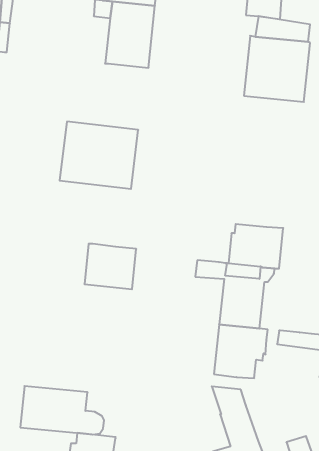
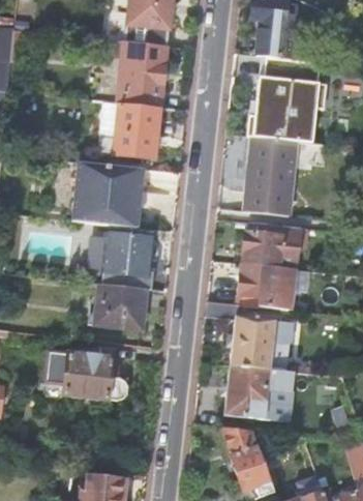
building: none -> [113,105,159,159]
building: none -> [245,140,296,207]
building: none -> [242,224,307,270]
building: none -> [102,233,155,291]
building: [20,386,104,435] -> [44,352,128,401]

